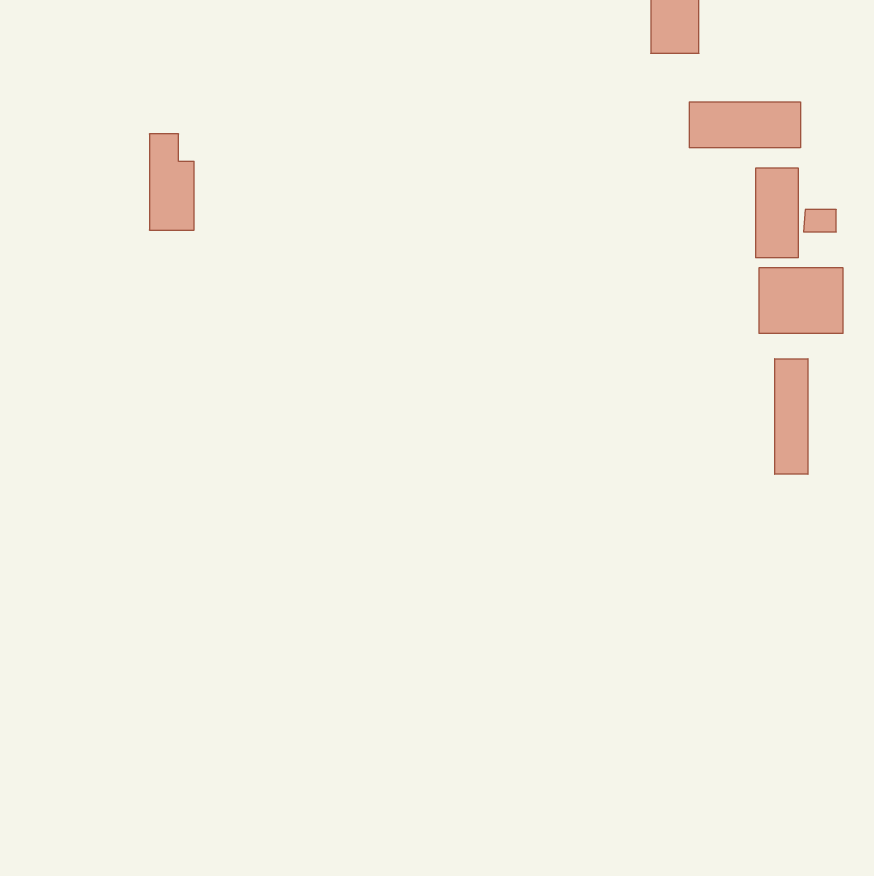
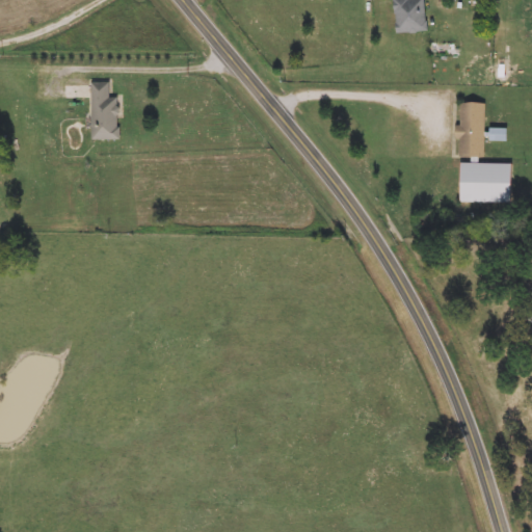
building: [689,102,800,148] -> none
building: [775,359,808,474] -> none

